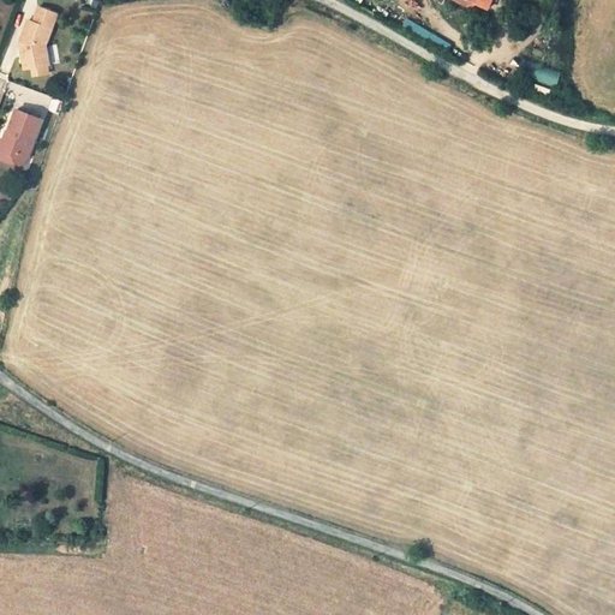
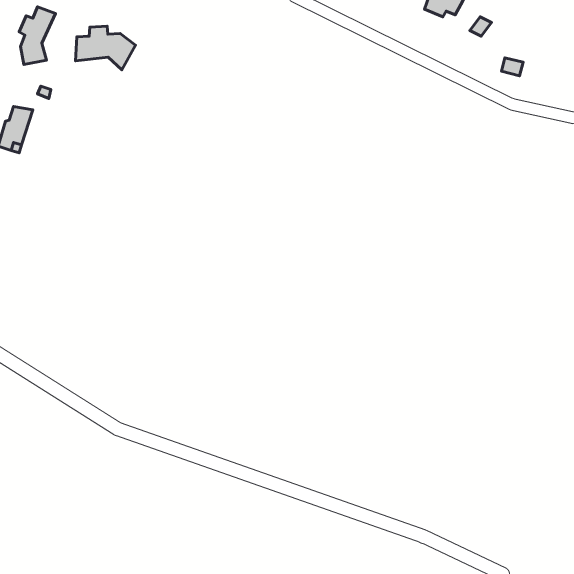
building: none -> [75,26,135,70]

